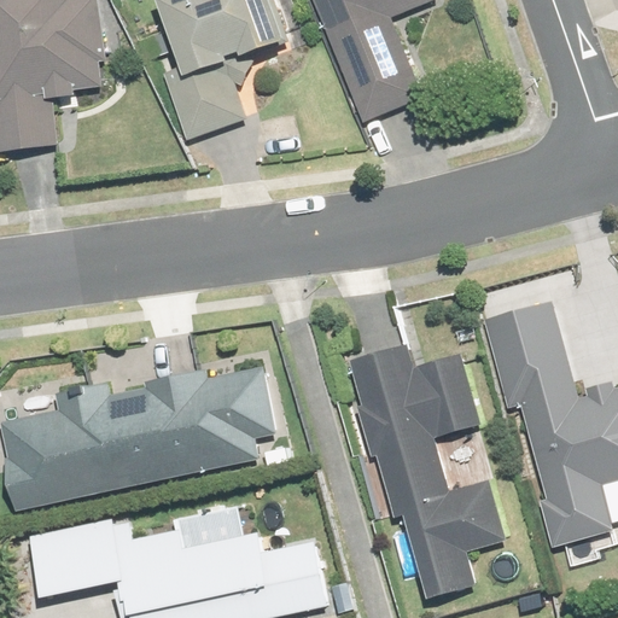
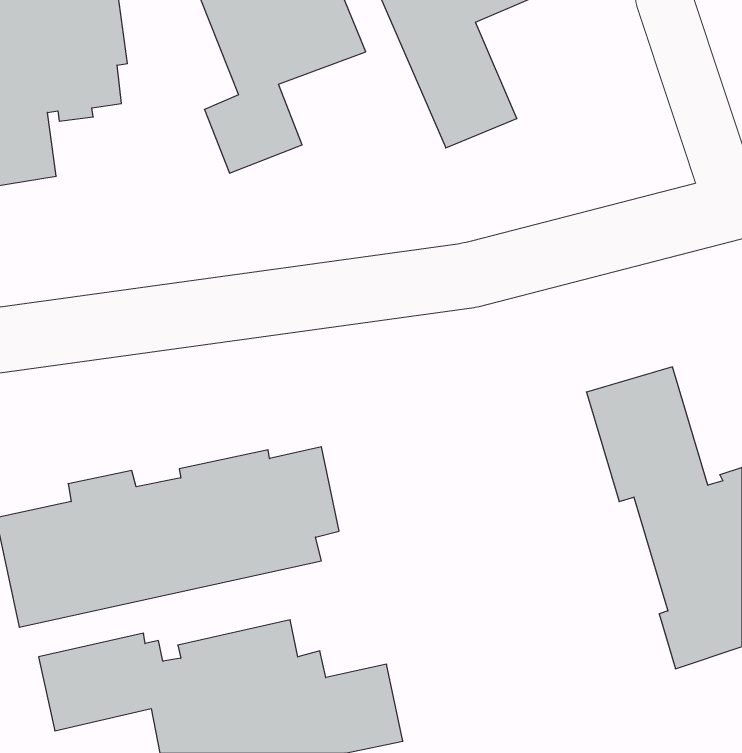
building: [346,345,502,600] -> none

